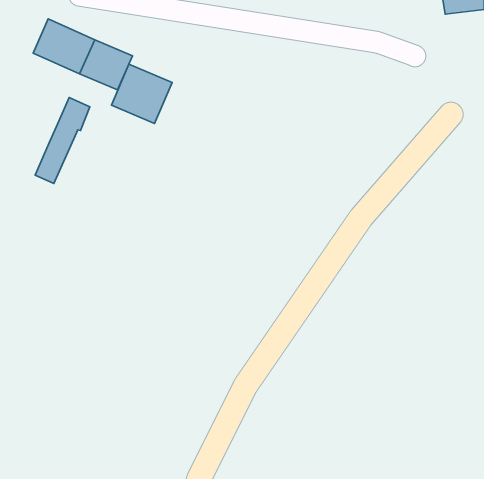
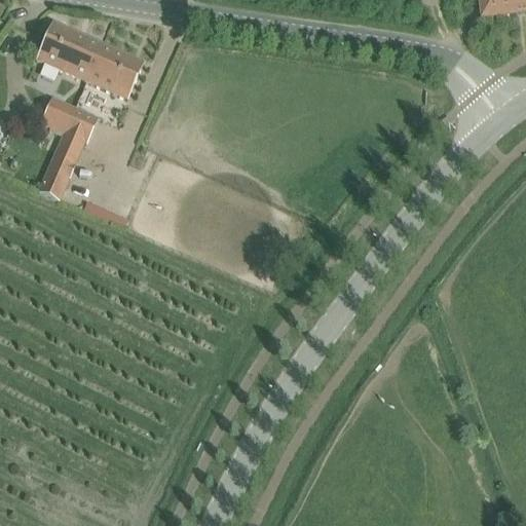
building: [111,64,172,124] -> none
building: none -> [41,97,75,132]

